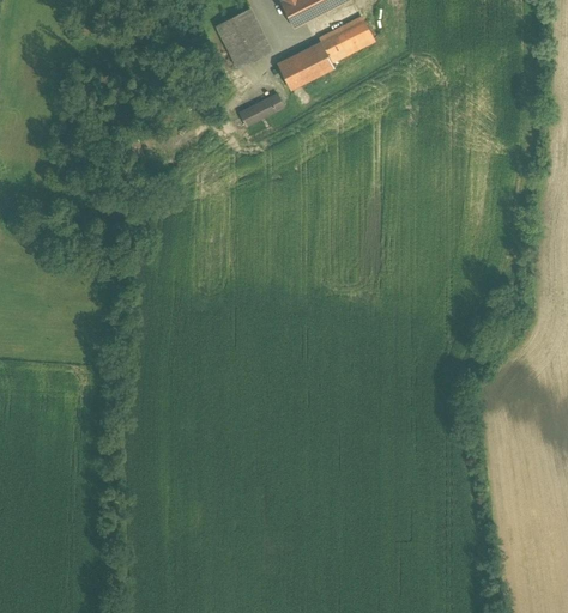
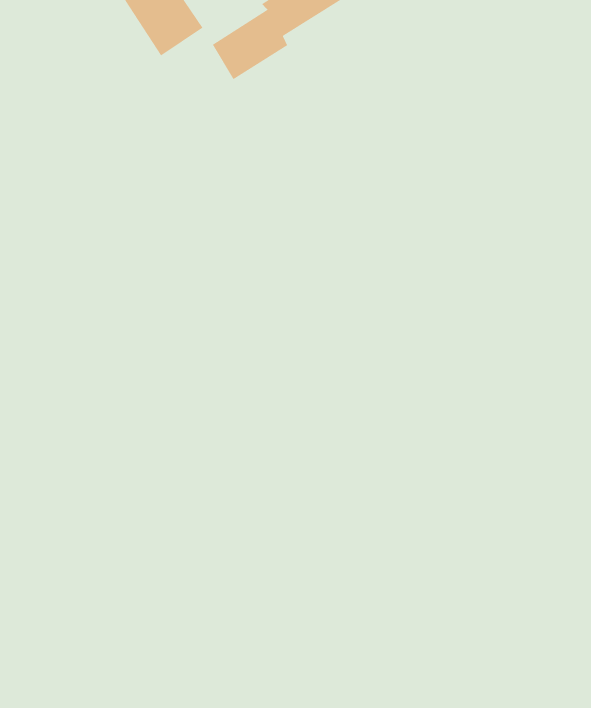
building: [238,90,285,125] -> none

